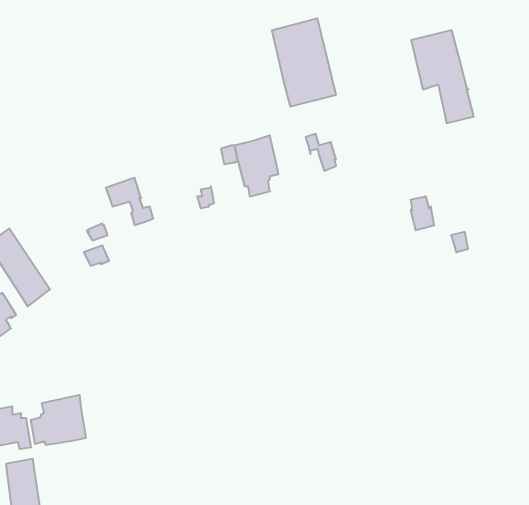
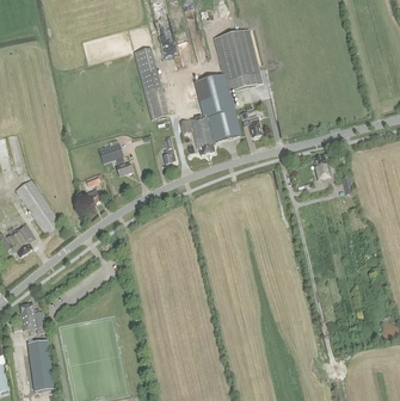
building: [411,30,474,123] -> [195,73,239,138]
building: none -> [134,47,167,119]
building: [31,395,86,445] -> none

